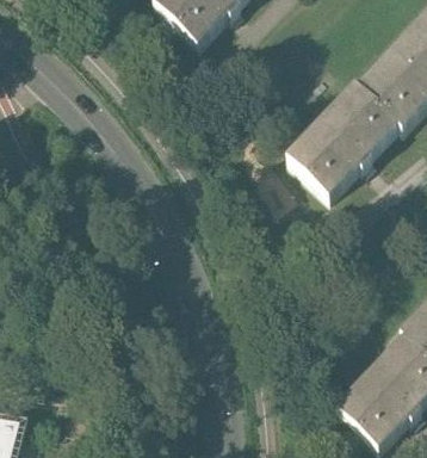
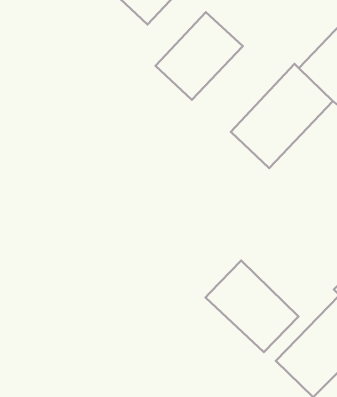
building: none -> [156,12,243,100]
building: none -> [206,261,298,352]

